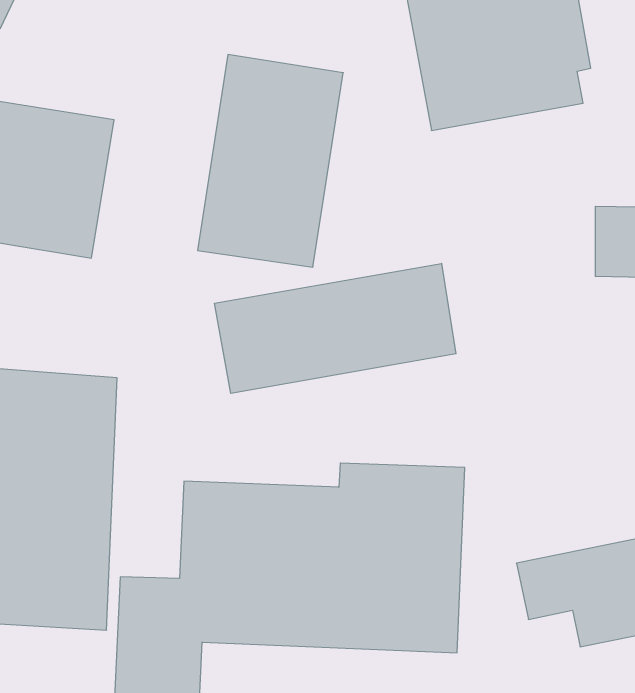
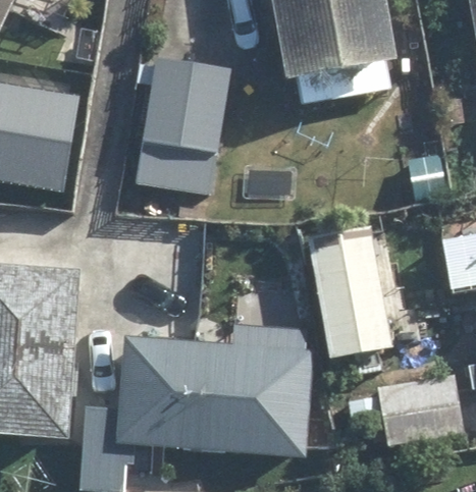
building: [215,263,456,393] -> none
building: none -> [308,224,389,357]

